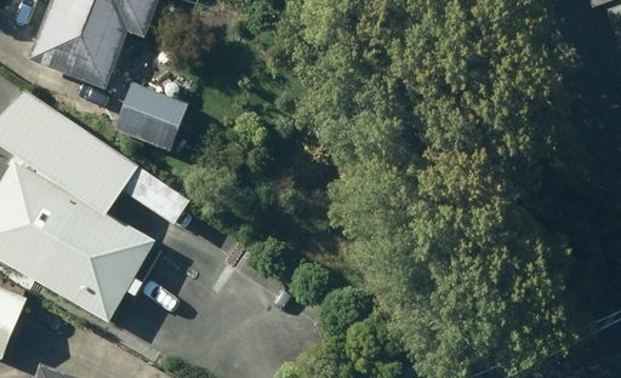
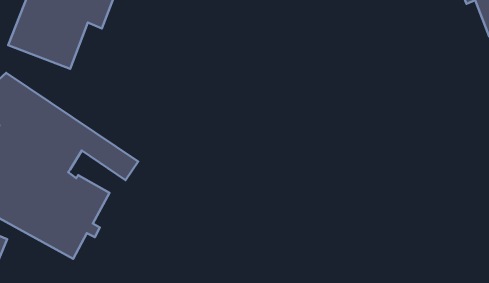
building: [113,82,187,151] -> none

